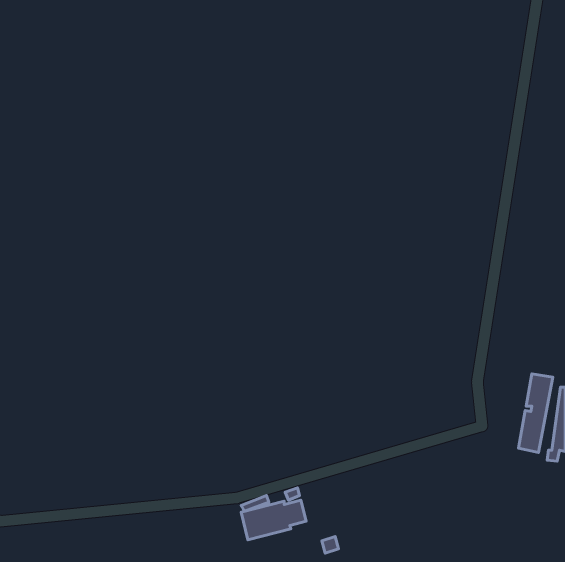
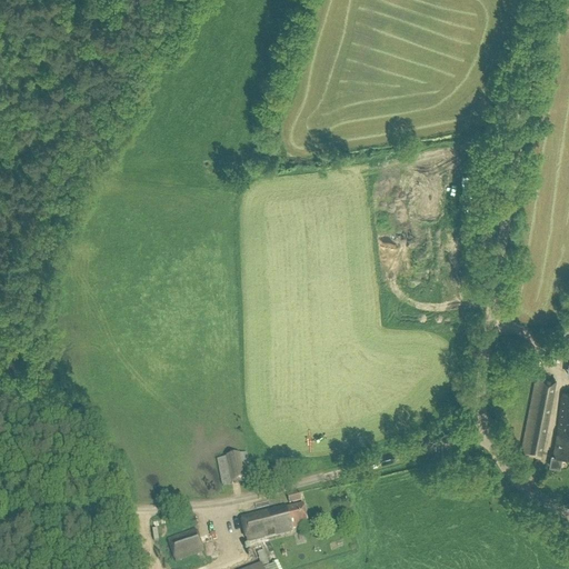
building: none -> [217,451,253,485]
building: none -> [168,527,204,560]

